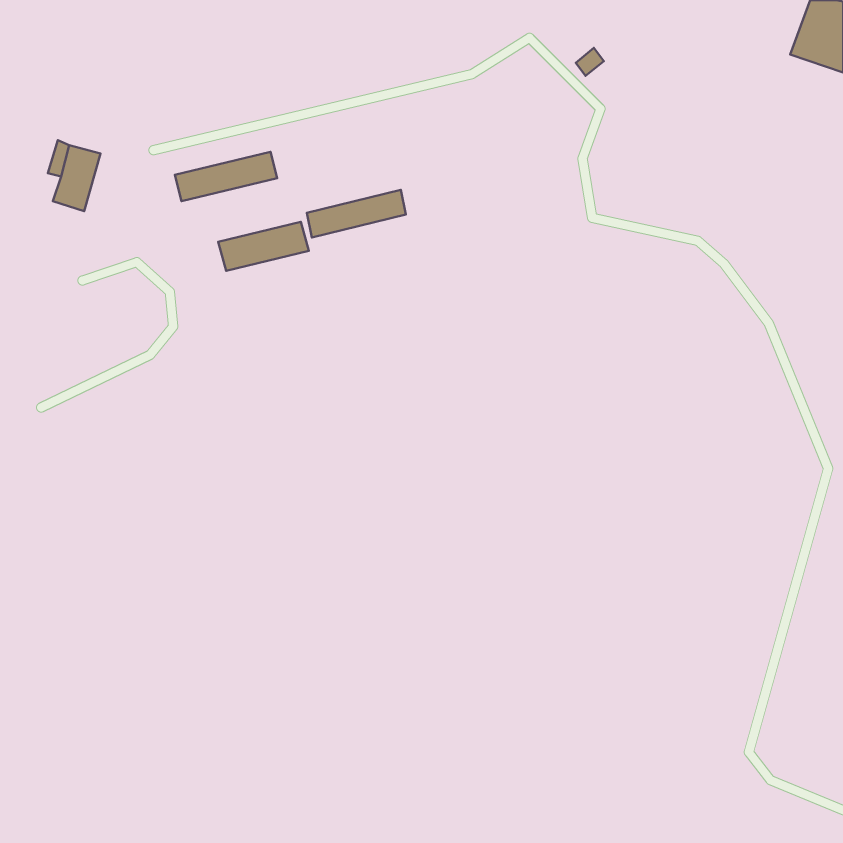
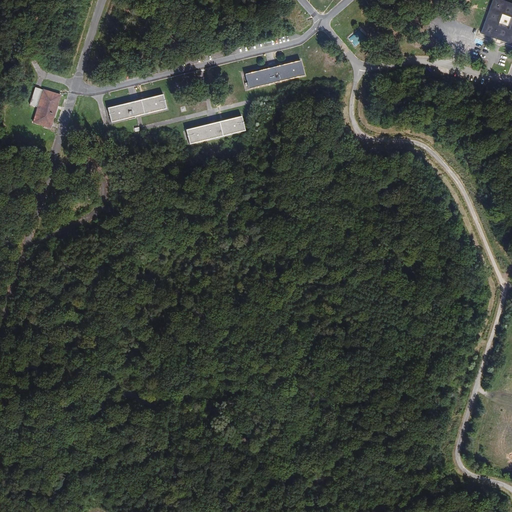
building: none -> [244,57,305,89]
building: [218,222,309,271] -> none

